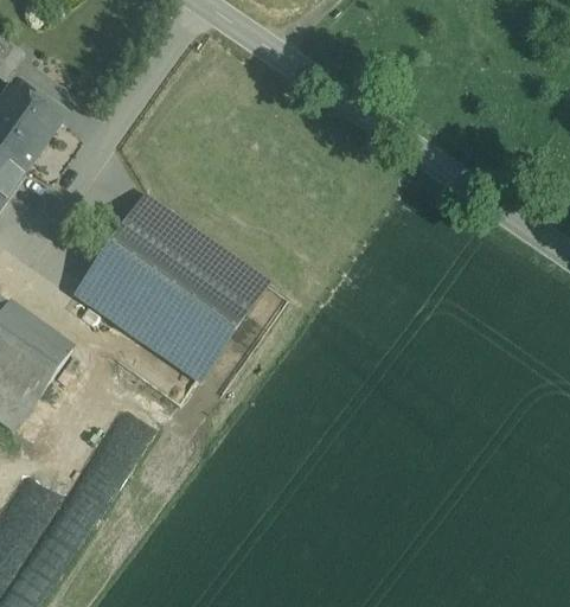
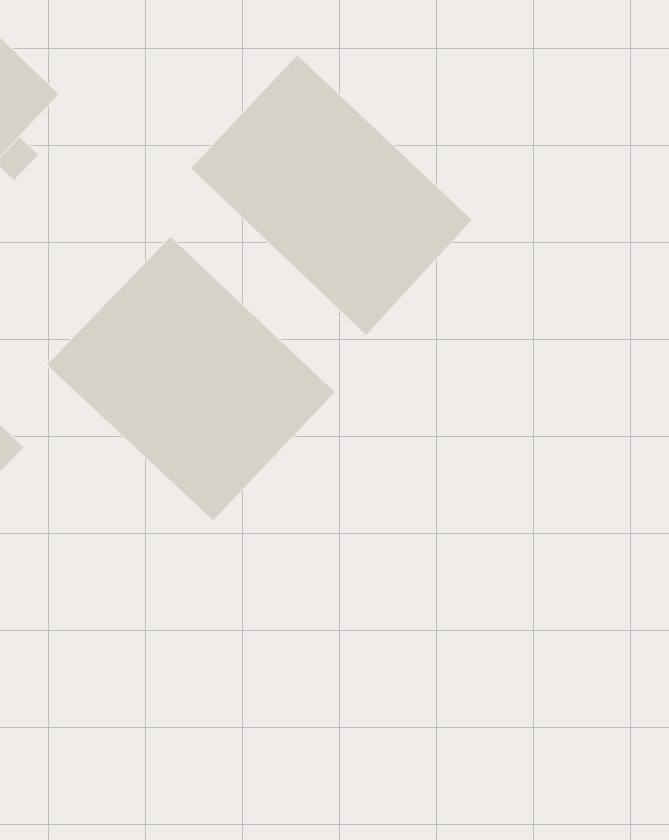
building: none -> [190,54,473,336]

